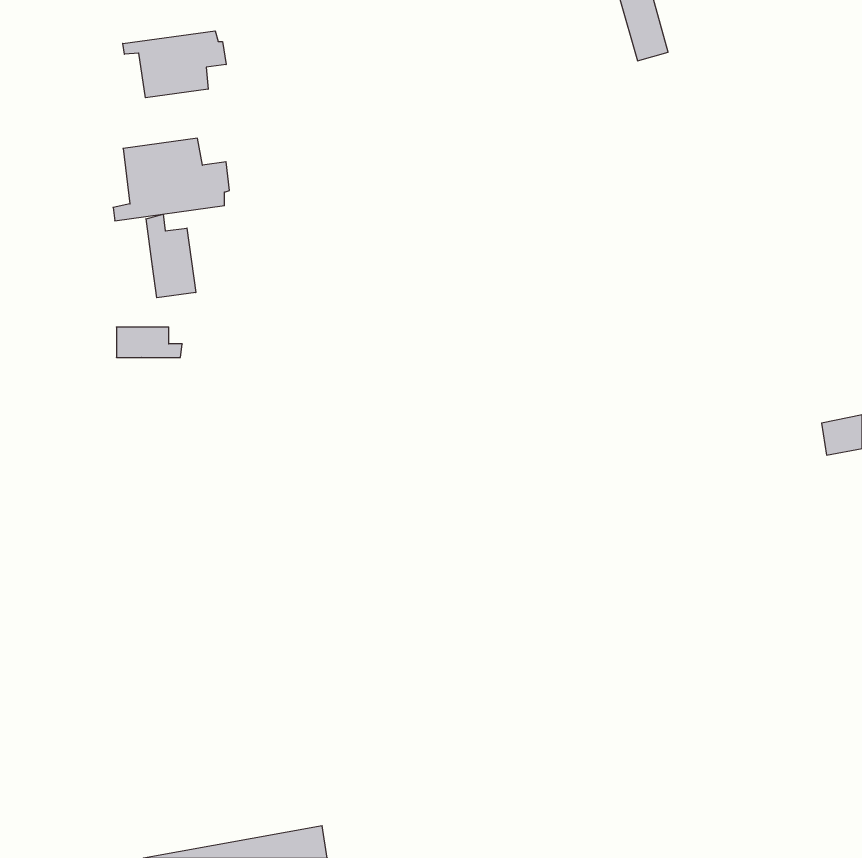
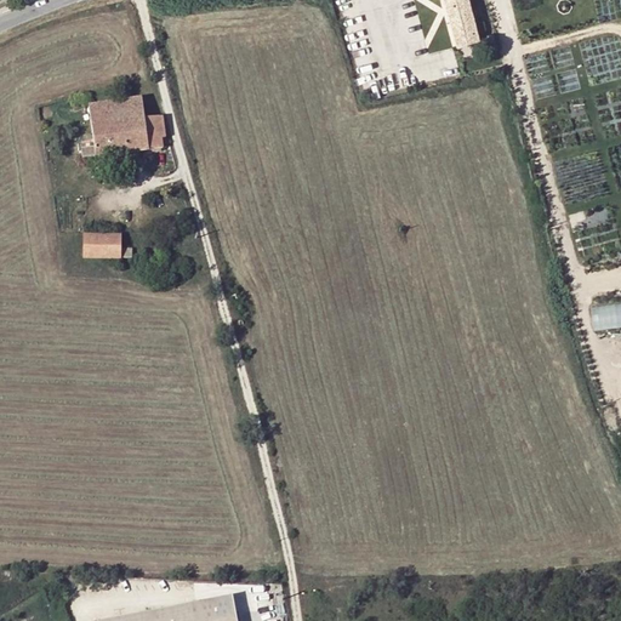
building: [123,31,226,98] -> none
building: [146,214,196,298] -> none

